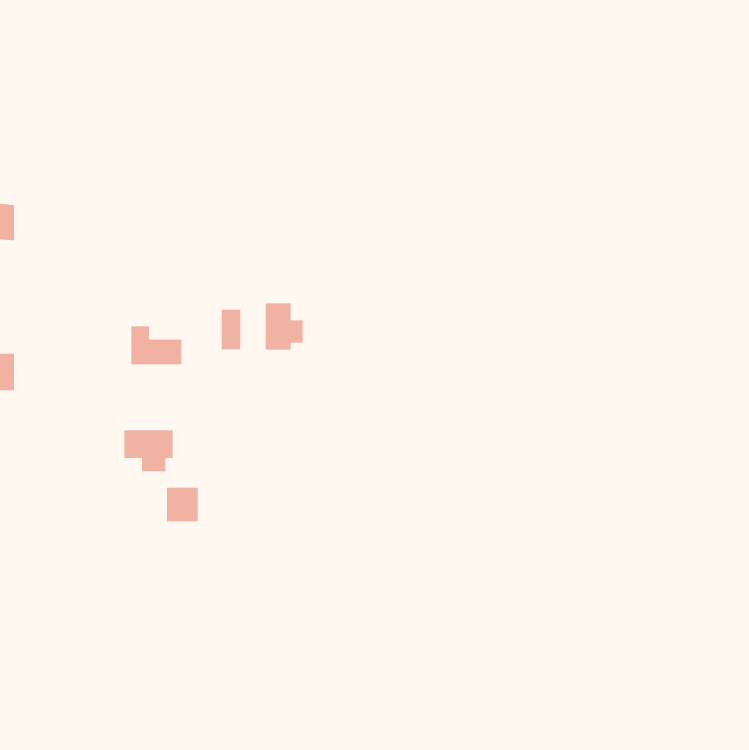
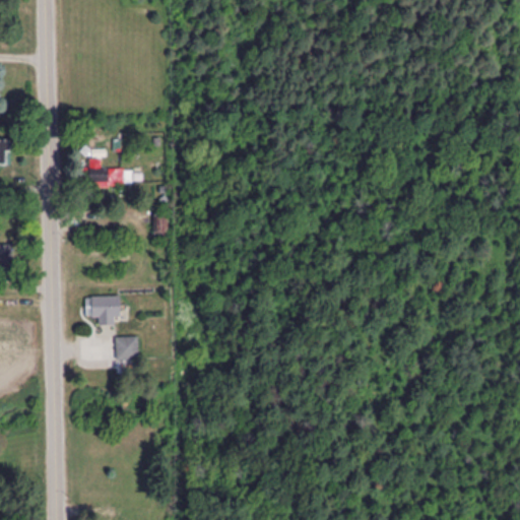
building: [265,302,303,350] -> none
building: [131,325,182,365] -> [87,158,123,186]

